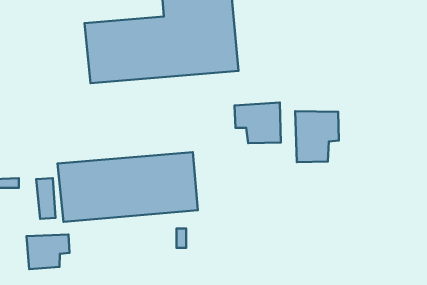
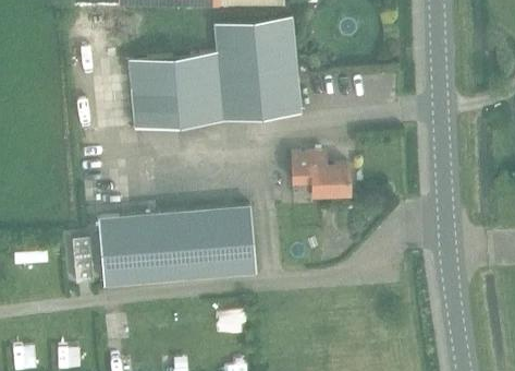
building: [295,111,339,162] -> none
building: [27,234,70,269] -> none

